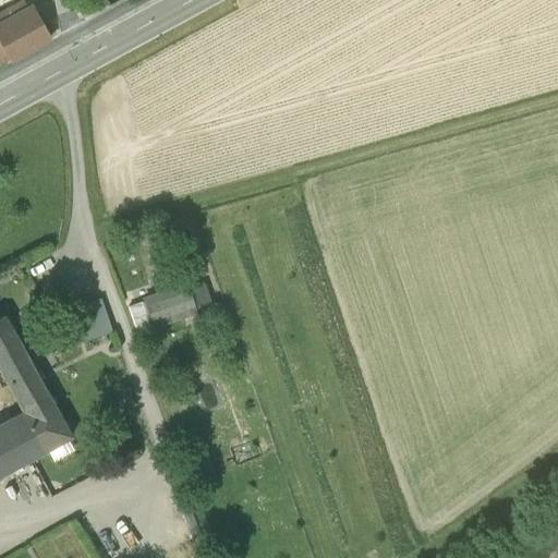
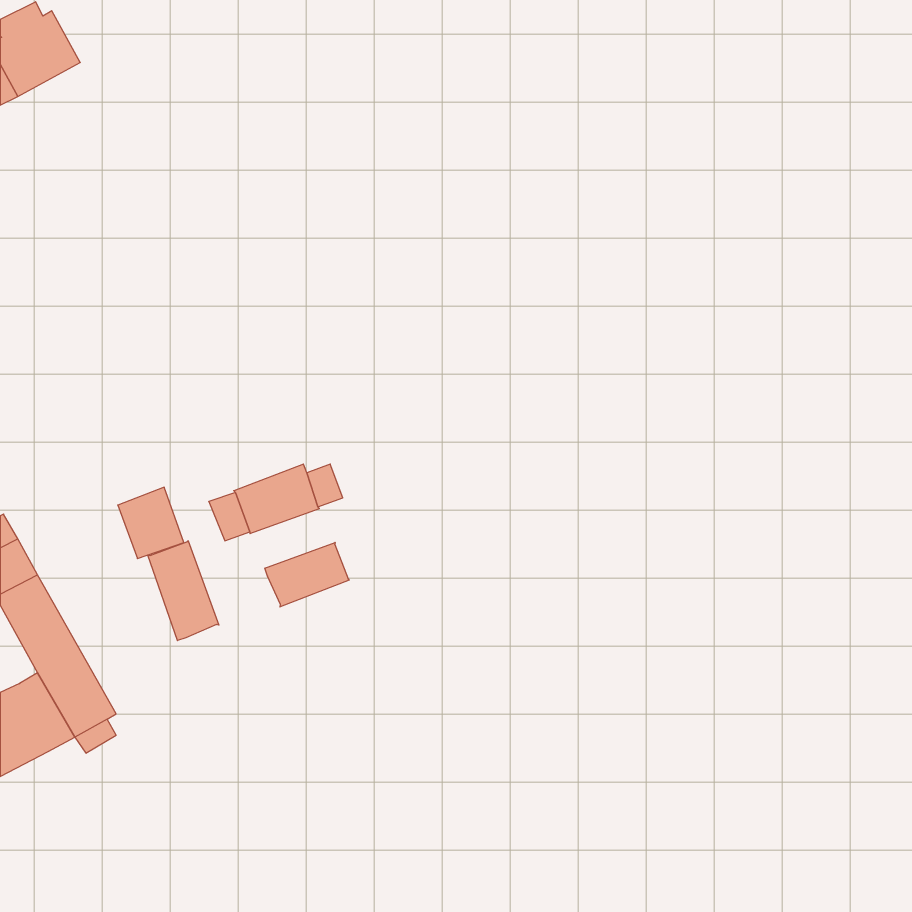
building: none -> [148,541,219,641]
building: none -> [265,542,349,607]

